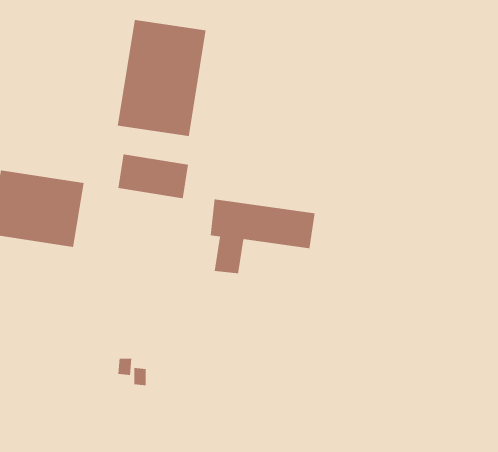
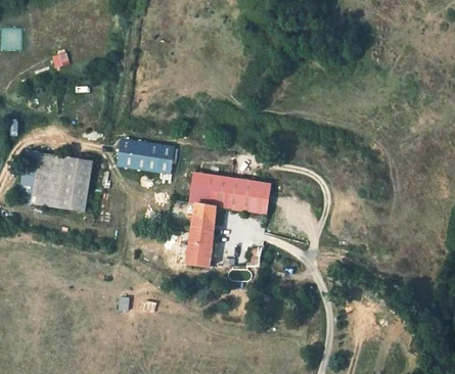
building: [117,19,206,137] -> none
building: none -> [186,229,212,267]

